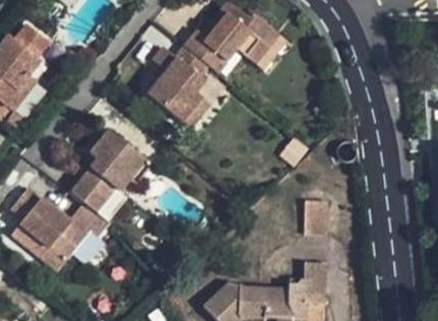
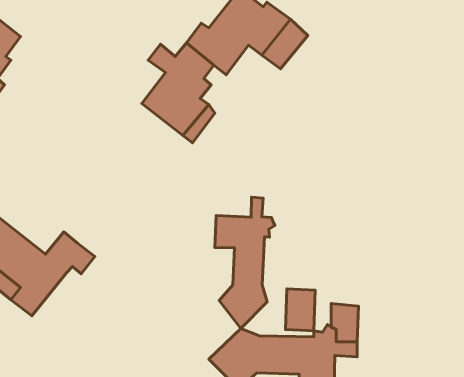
building: [72,130,152,210] -> none
building: none -> [215,197,275,328]
building: [304,199,328,234] -> [285,289,315,331]

